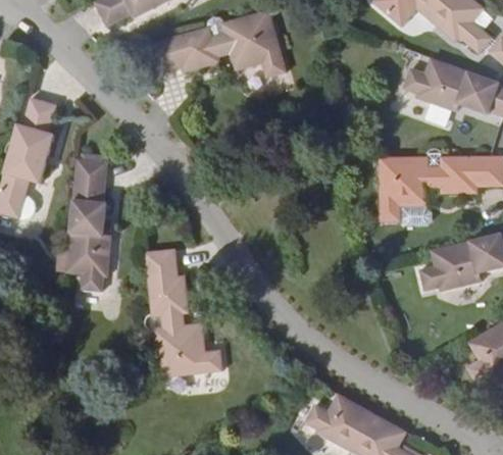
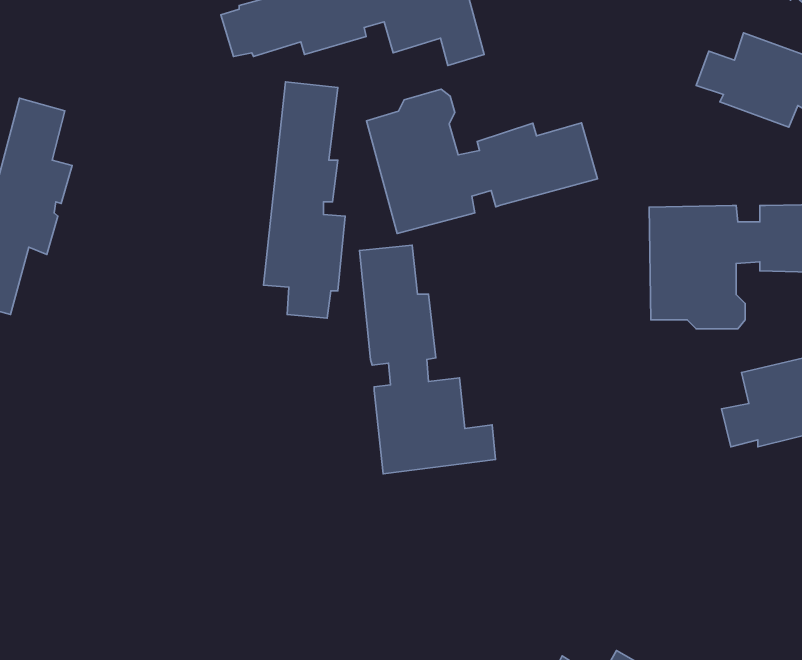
building: none -> [366,89,598,234]
building: [65,158,111,291] -> [264,82,345,318]
building: [145,248,221,376] -> [360,245,496,474]

